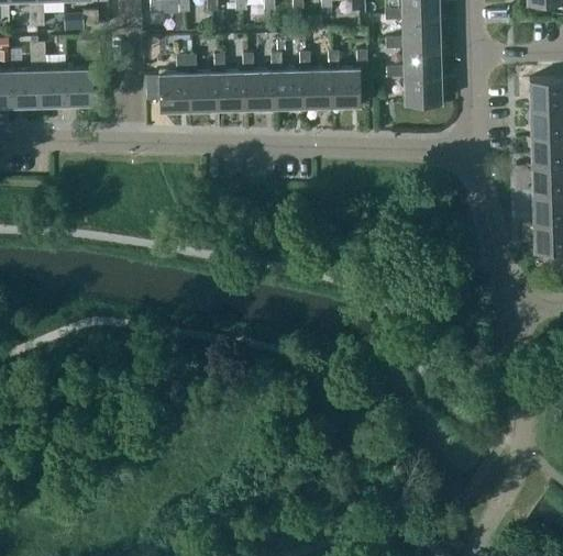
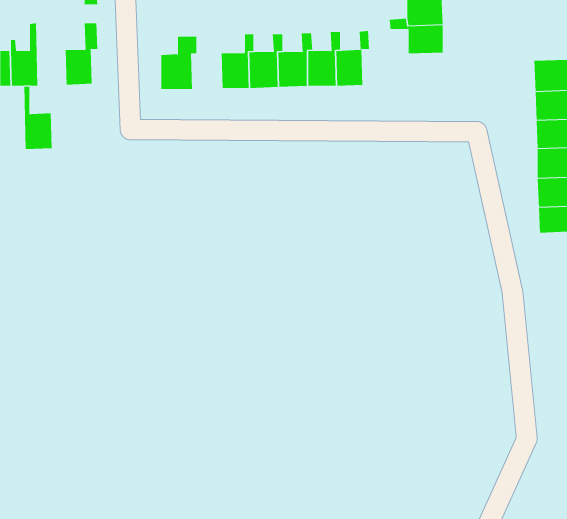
building: [38,45,67,108] -> [24,86,53,150]
building: [191,57,225,111] -> none
building: [387,69,441,105] -> none

